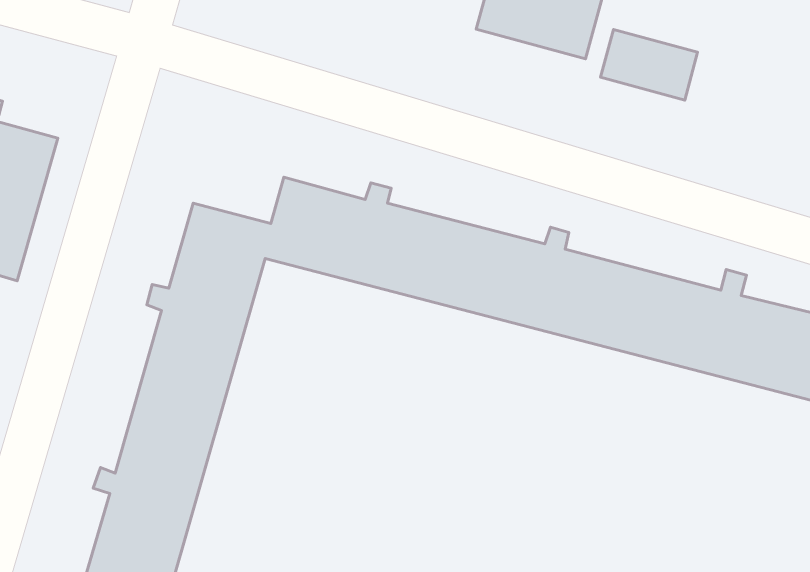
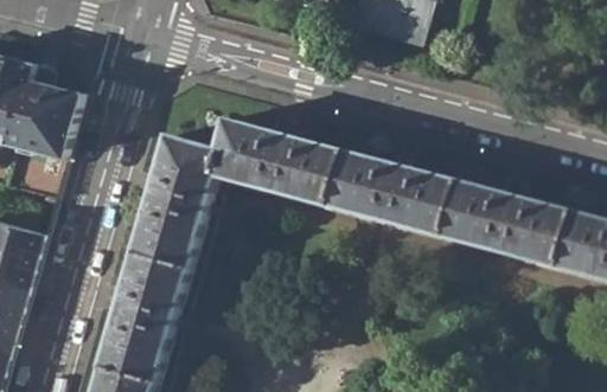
building: [601,30,698,100] -> none

